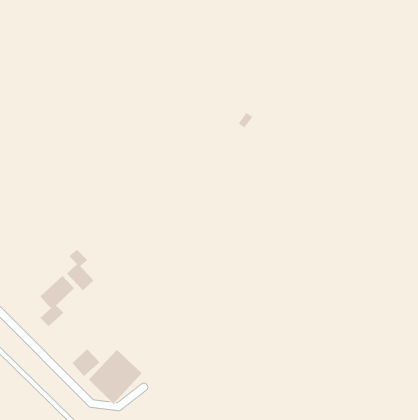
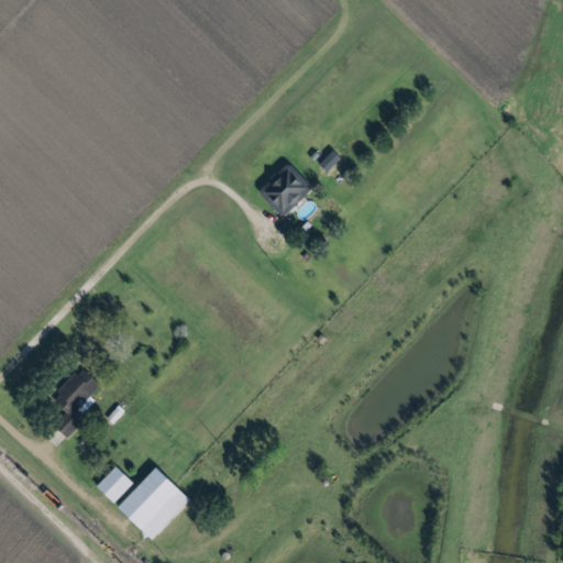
building: none -> [257,163,311,218]
building: [66,249,94,291] -> none

